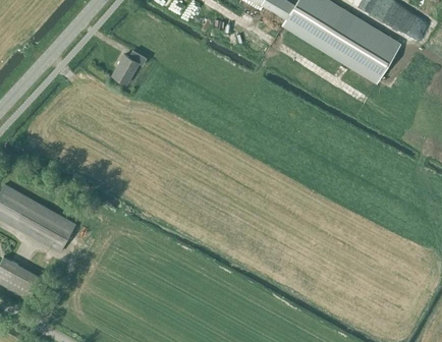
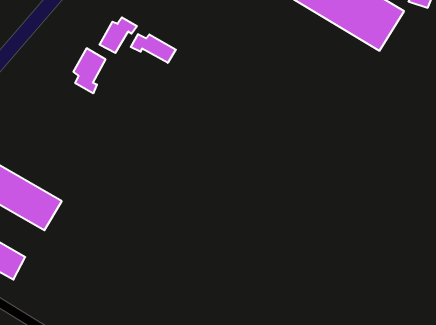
building: none -> [131,34,176,63]
building: none -> [73,48,105,93]

